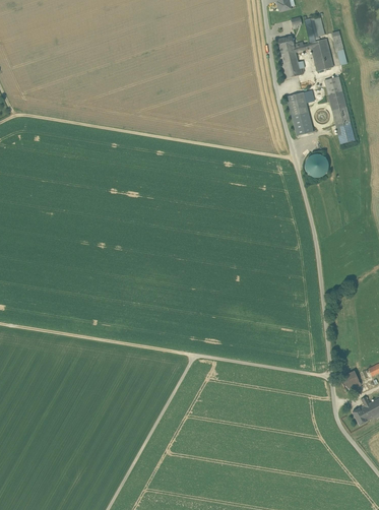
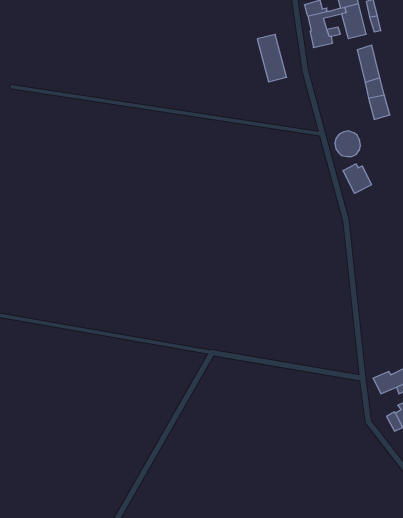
building: [287,92,313,135] -> [257,34,287,82]
building: none -> [343,164,371,193]

